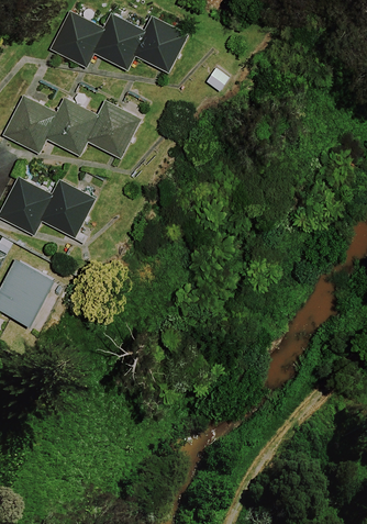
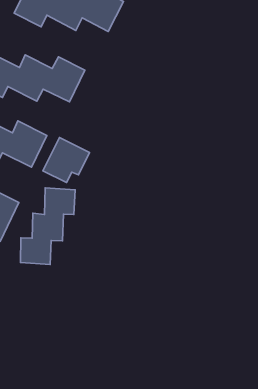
building: none -> [43,138,89,183]
building: none -> [20,188,75,265]

